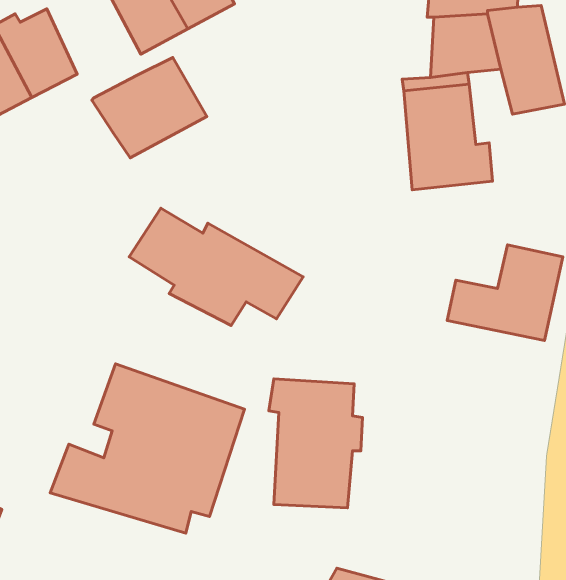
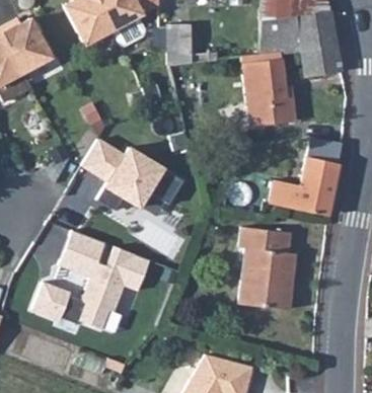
building: none -> [169,25,194,65]
building: [92,57,207,158] -> none
building: [269,379,363,508] -> [238,228,295,306]

